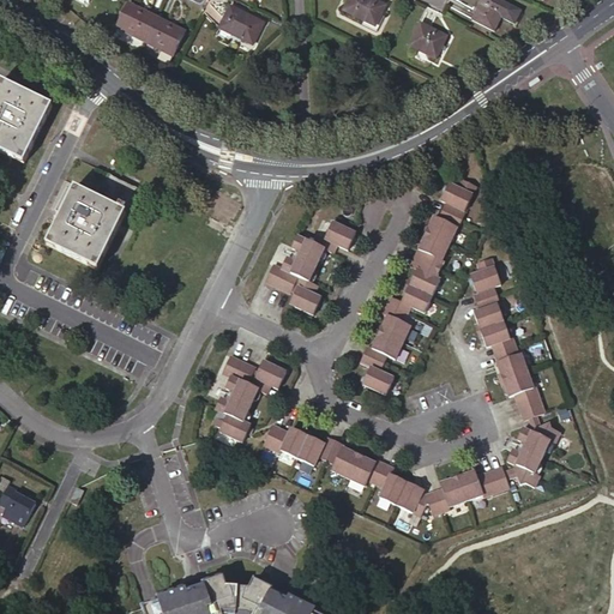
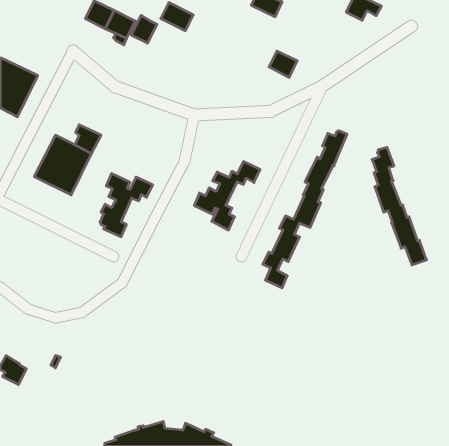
building: [409,20,447,56] -> [269,51,297,77]
building: none -> [131,15,157,43]
building: [469,257,543,417] -> [372,147,427,265]
building: [213,355,285,441] -> [100,174,153,237]
building: [506,421,559,484] -> none
building: [263,423,508,514] -> none

